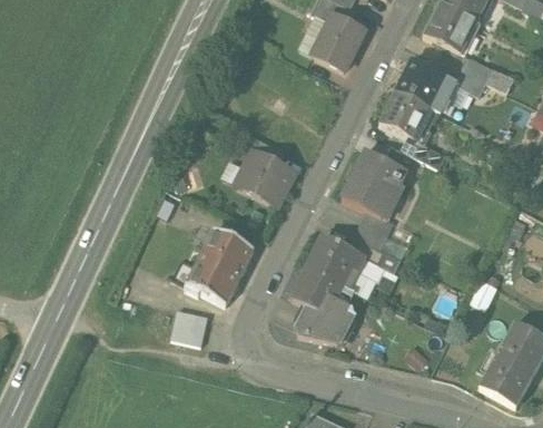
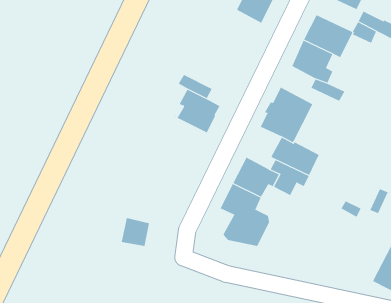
building: [185,228,254,304] -> none

